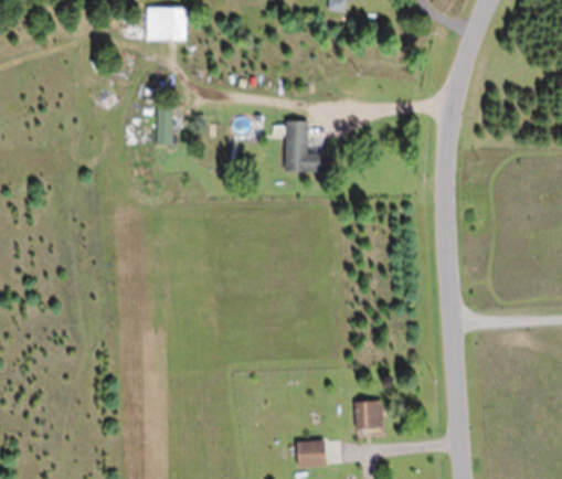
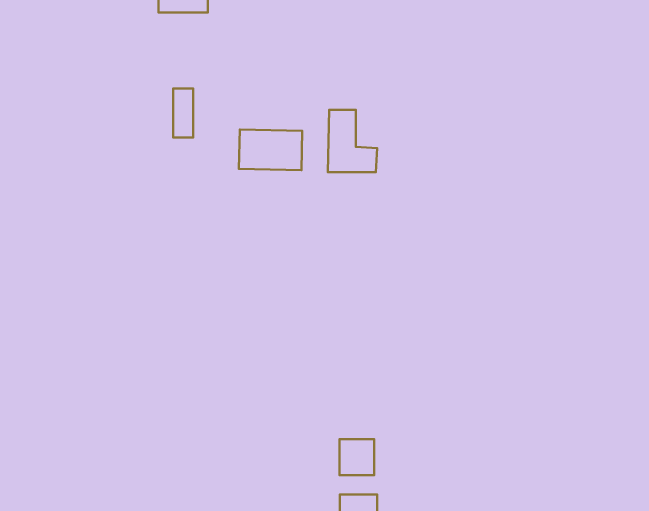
building: none -> [239,129,302,170]
building: [356,400,384,429] -> [340,439,374,475]

